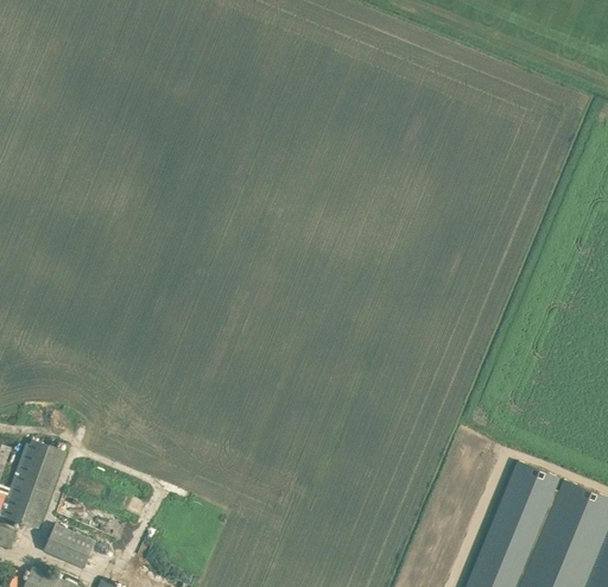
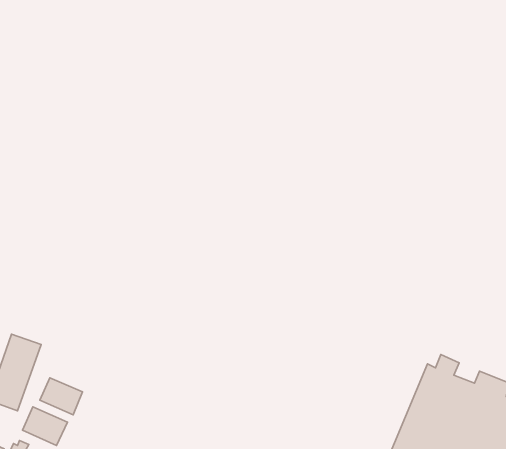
building: none -> [40,378,82,415]

